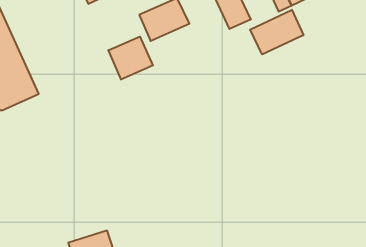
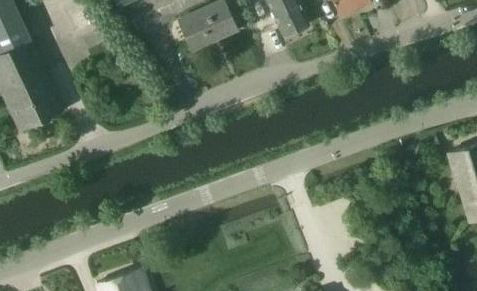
building: [250,10,303,54] -> none
building: [108,37,153,80] -> none

